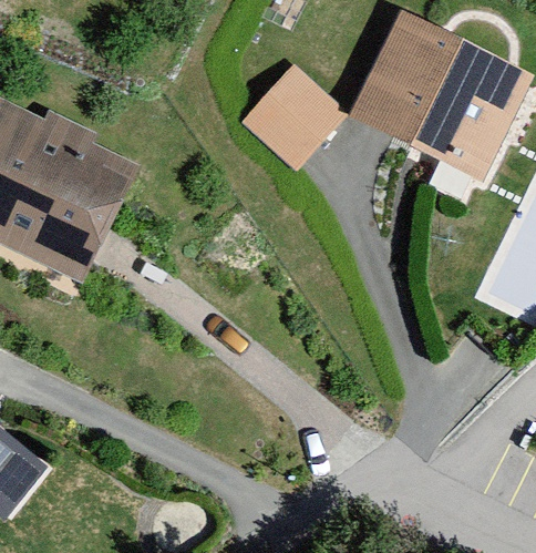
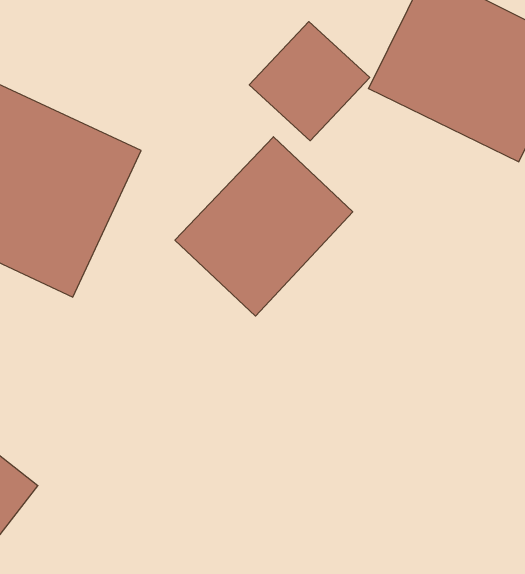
building: none -> [175,137,353,316]

